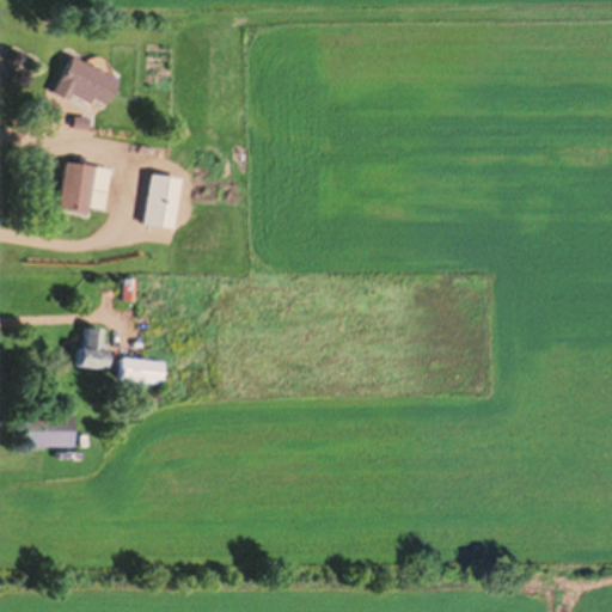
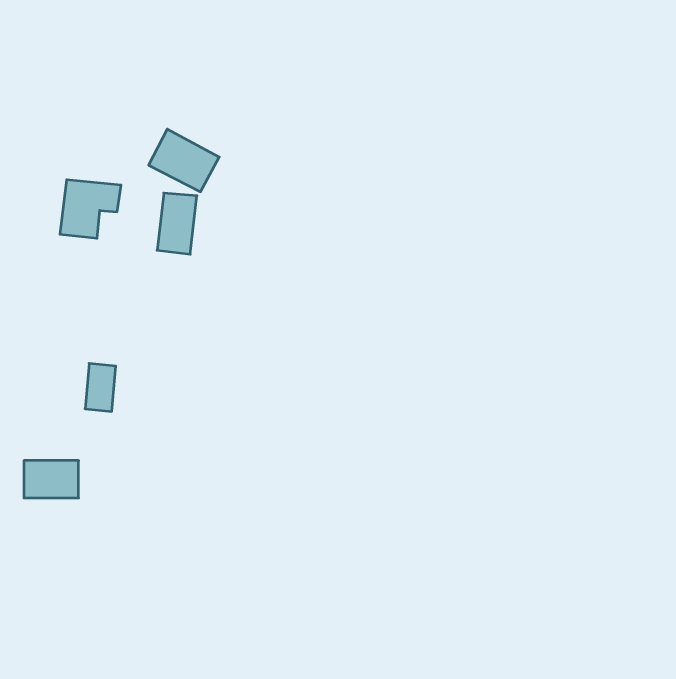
building: [56,55,120,111] -> [149,129,219,192]
building: [120,357,165,385] -> none

